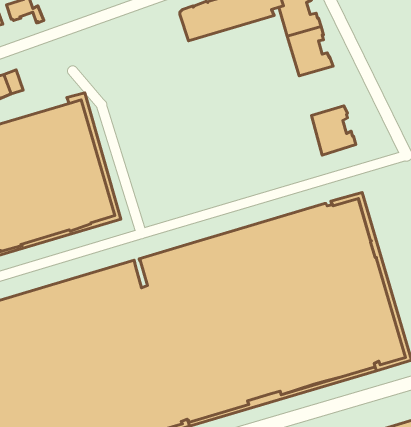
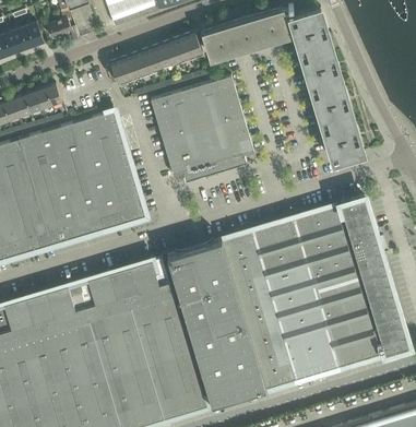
building: none -> [104,34,202,87]
building: none -> [148,76,252,181]
building: none -> [310,81,350,126]

